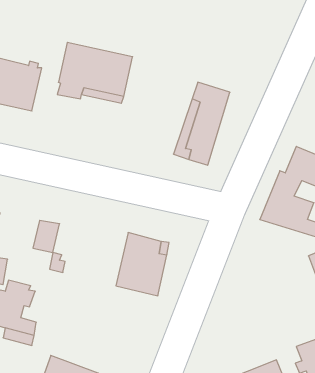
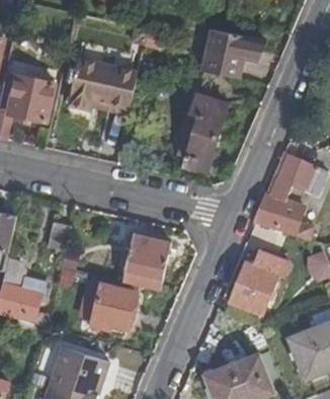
building: none -> [202,29,266,78]
building: none -> [230,250,287,315]
building: none -> [91,285,136,329]

